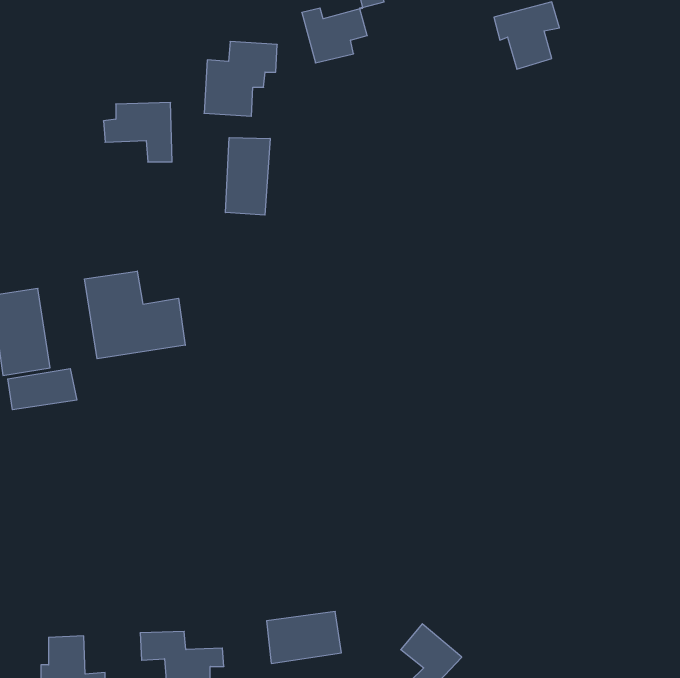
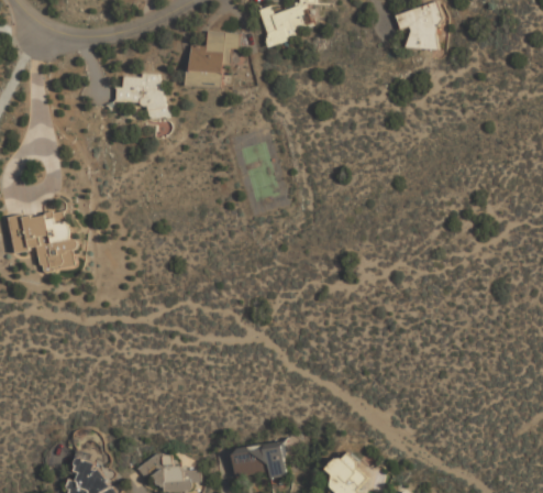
building: [225,138,270,215] -> none
building: [85,271,185,359] -> none
building: [8,369,77,410] -> none

